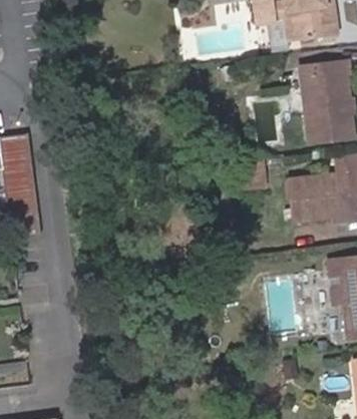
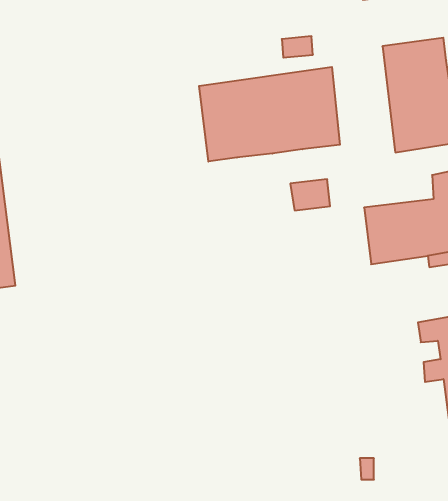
building: none -> [199,67,340,162]

